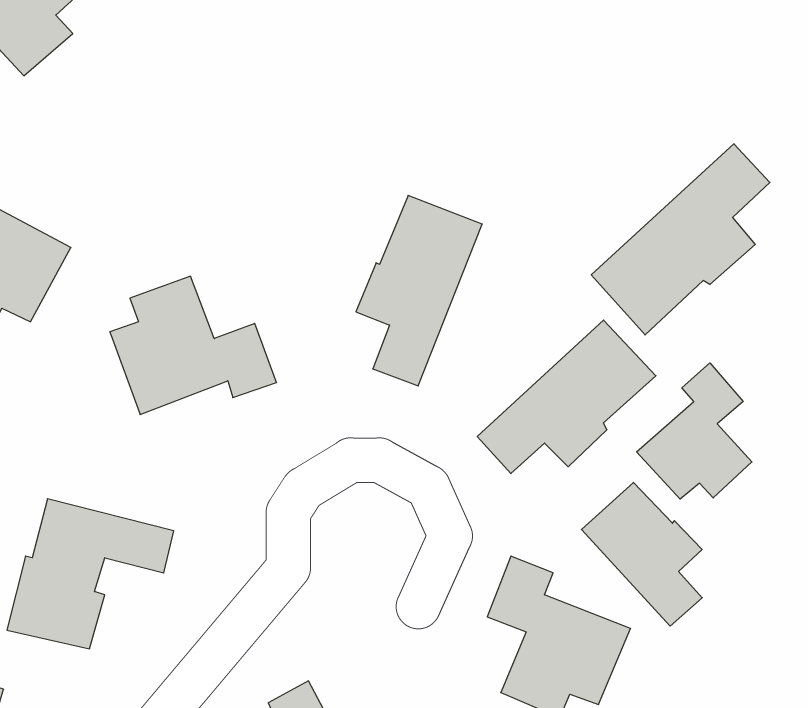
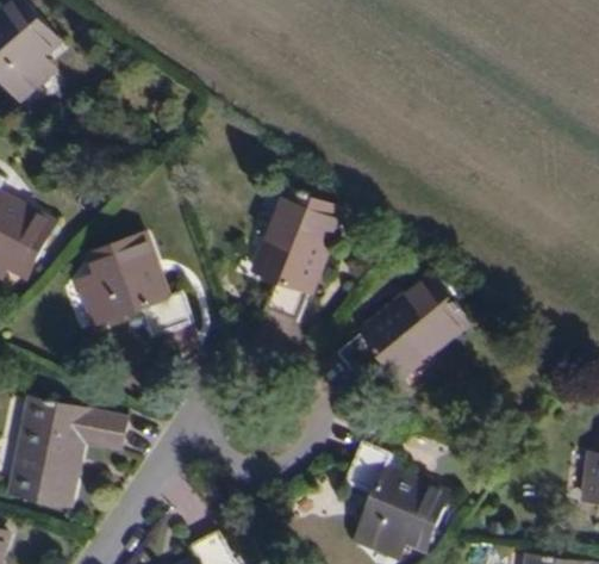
building: [591,144,770,335] -> none
building: [637,363,752,499] -> none
building: [581,482,702,626] -> none

